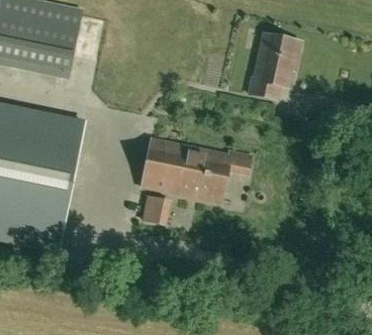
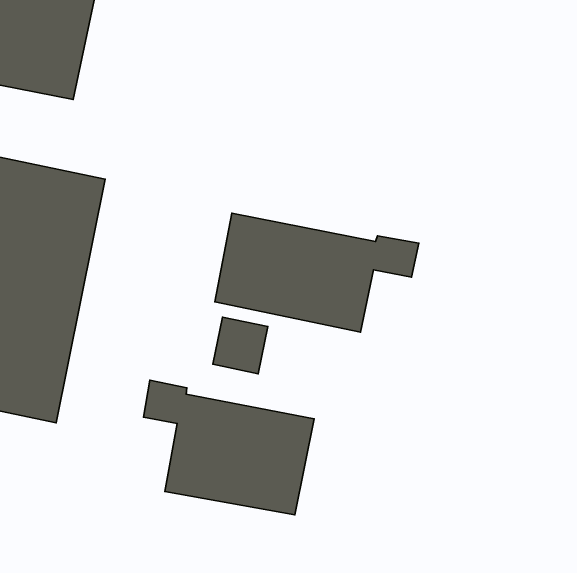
building: [249,33,299,95] -> none
building: none -> [143,380,314,515]

